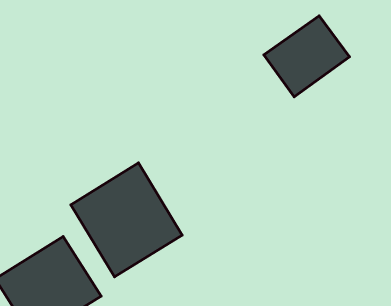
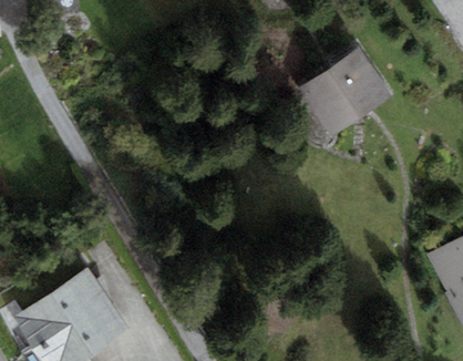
building: [71,163,182,277] -> none

